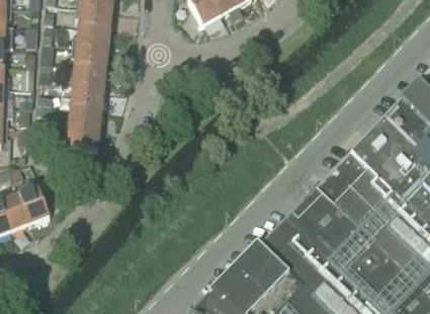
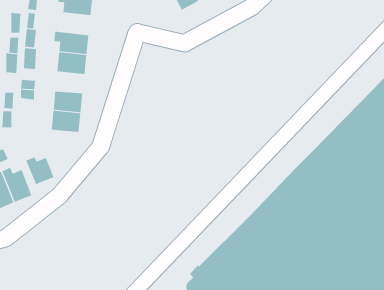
building: [71,26,108,50] -> none
building: [71,87,102,109] -> none
building: none -> [26,157,54,185]

